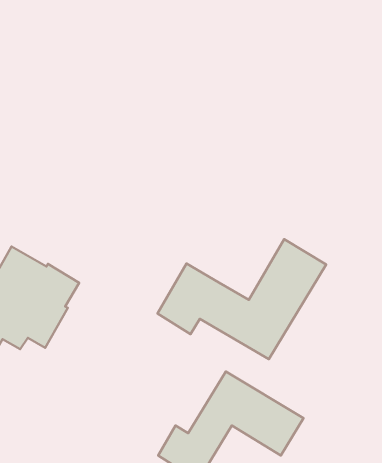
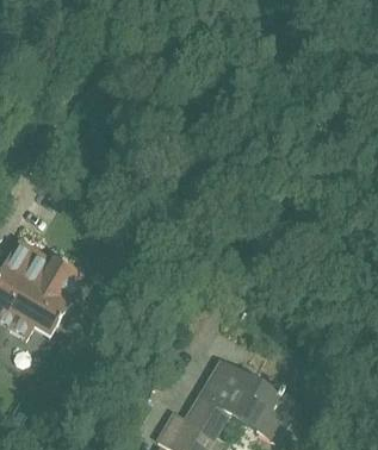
building: [158,239,326,359] -> none

